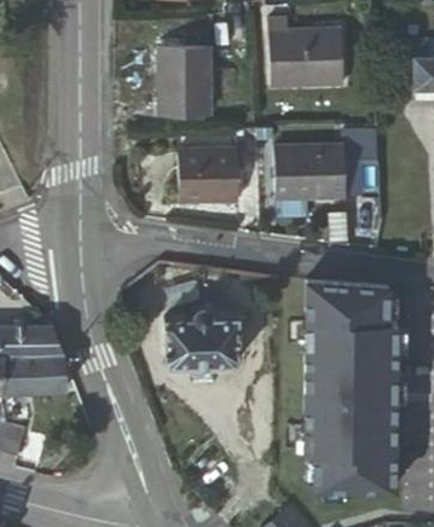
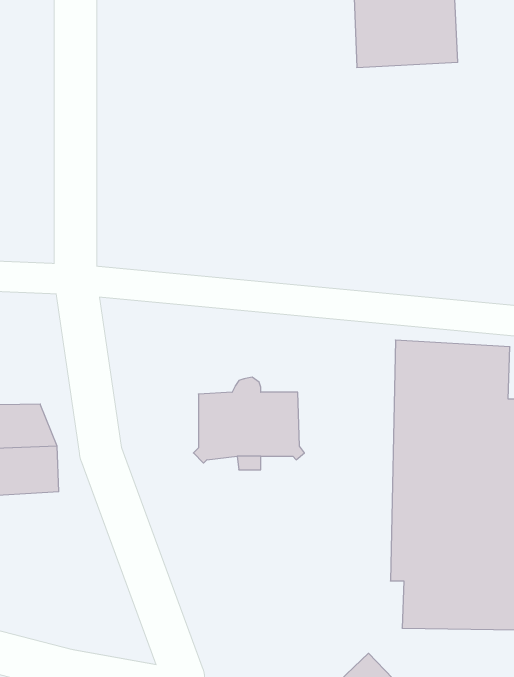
building: [163,44,218,112] -> none
building: [278,144,351,197] -> none
building: [181,146,242,201] -> none

